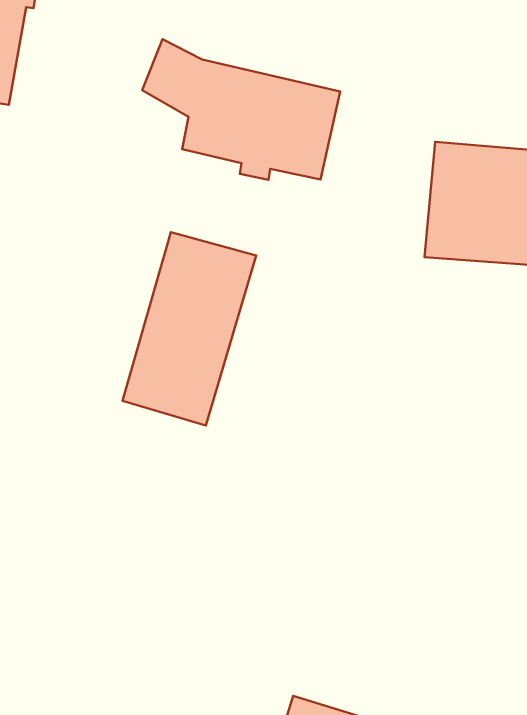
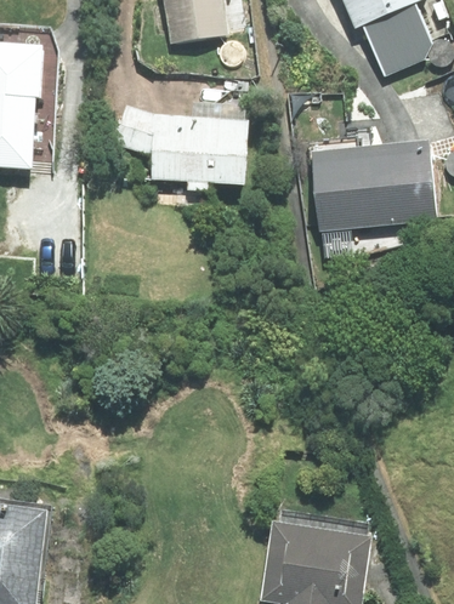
building: [122,232,256,425] -> none

